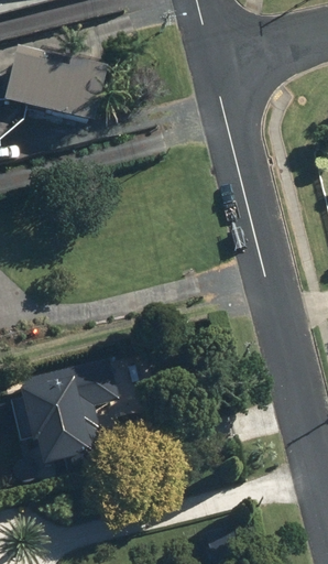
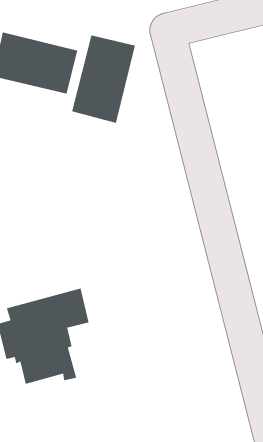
building: none -> [71,34,136,124]

